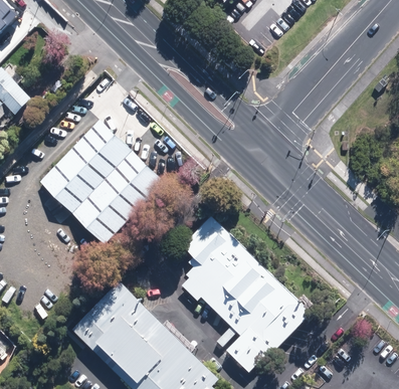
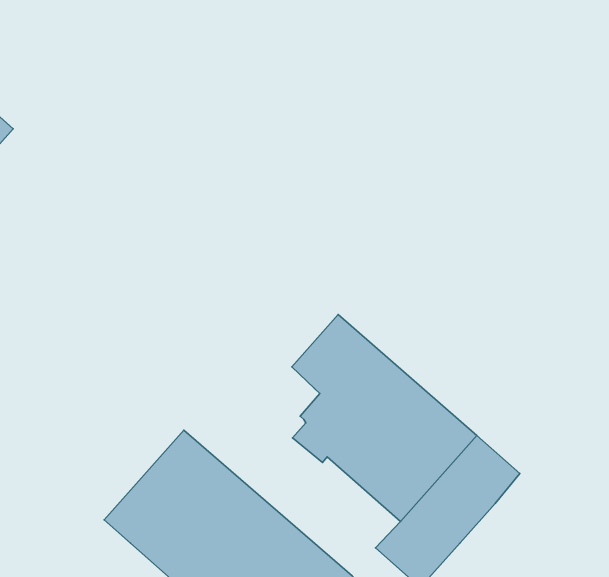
building: [36,114,167,243] -> none

